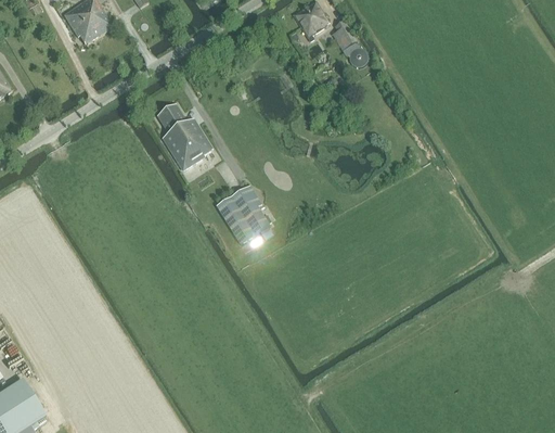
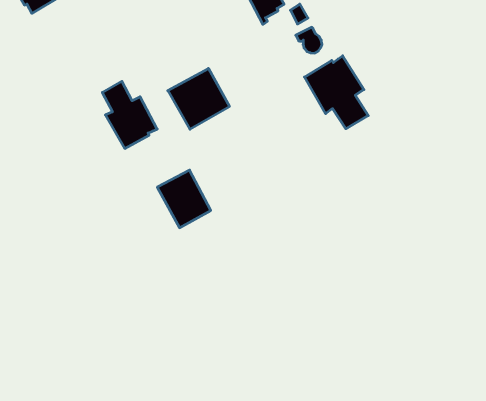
building: none -> [304,56,368,129]
building: none -> [168,68,229,129]

